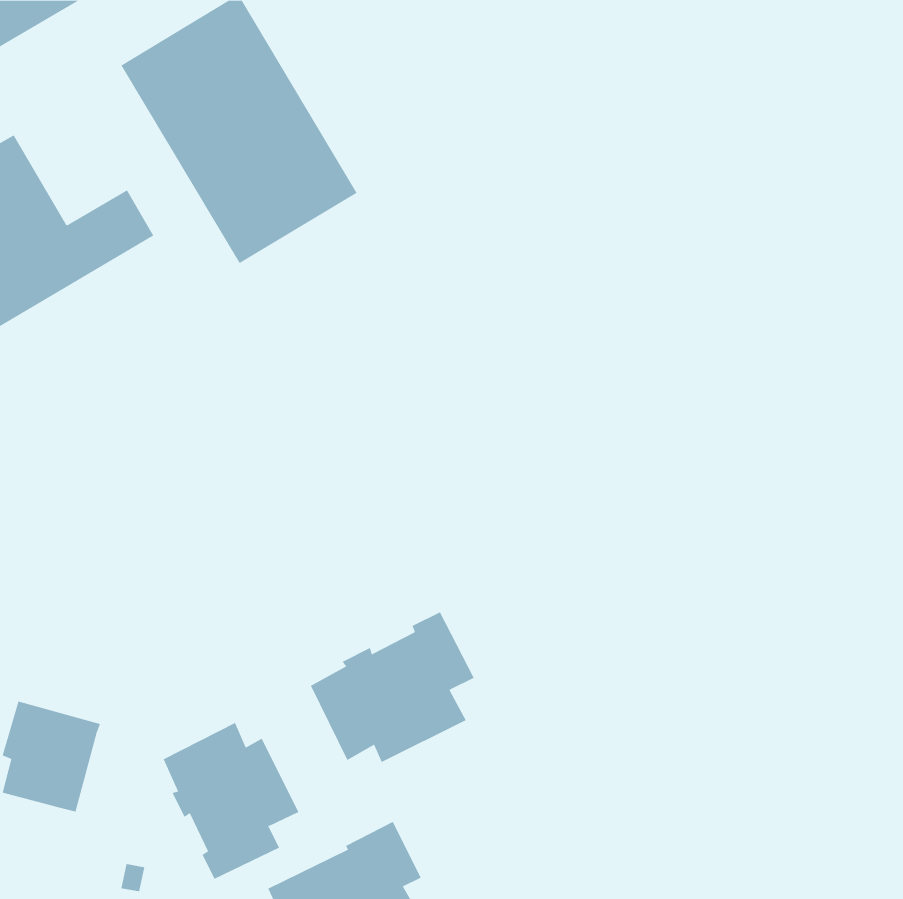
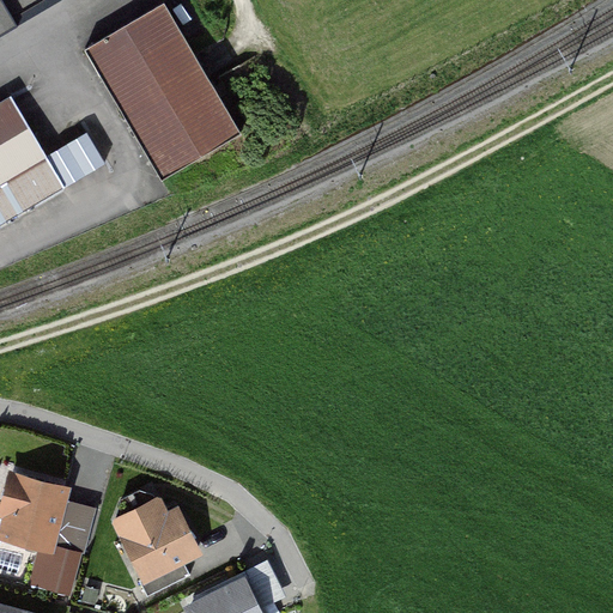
building: [310,611,475,763] -> none
building: none -> [28,499,93,596]

